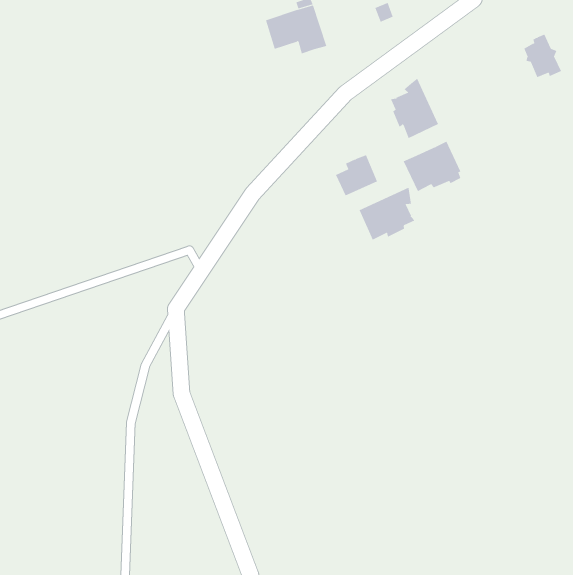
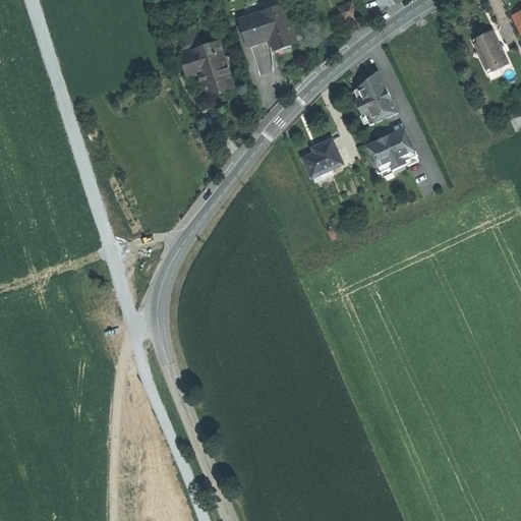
building: none -> [180,42,232,95]
building: [359,187,415,241] -> none

